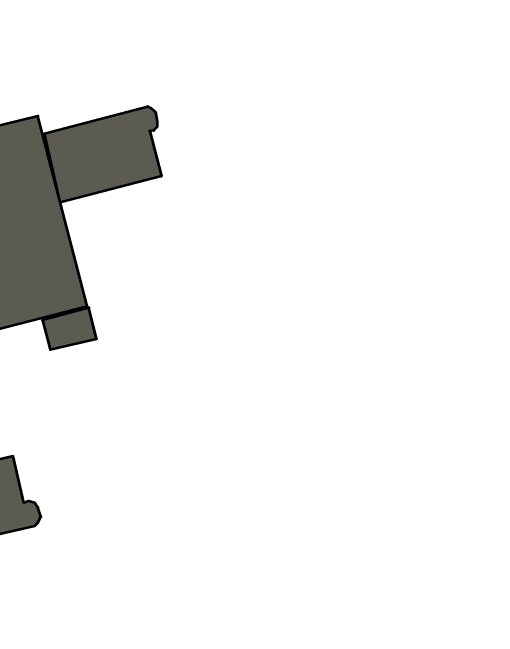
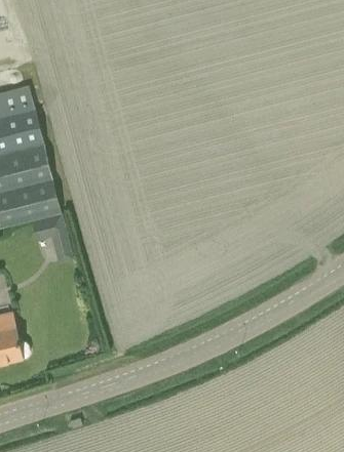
building: [44,106,161,202] -> none

